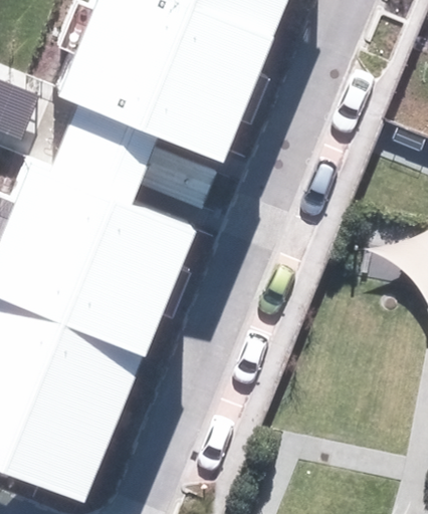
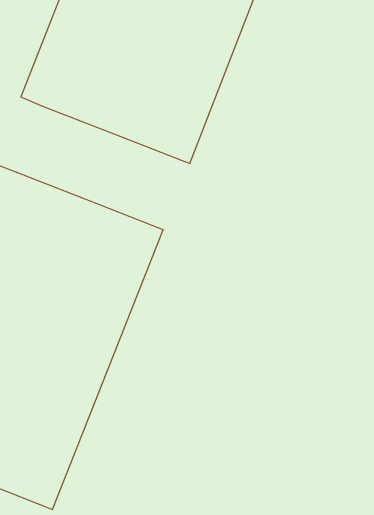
building: [52,106,158,203] -> none

